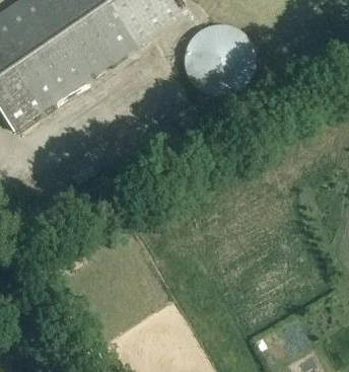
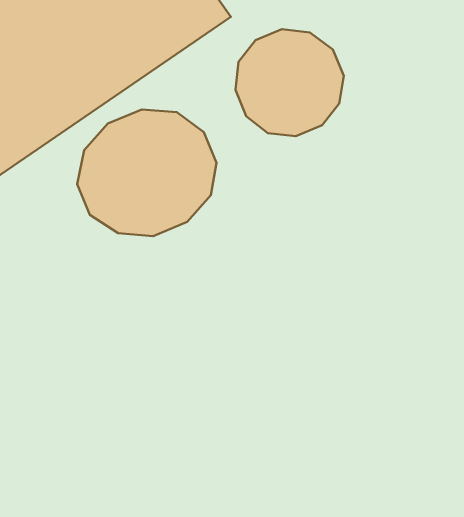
building: none -> [77,110,216,236]

